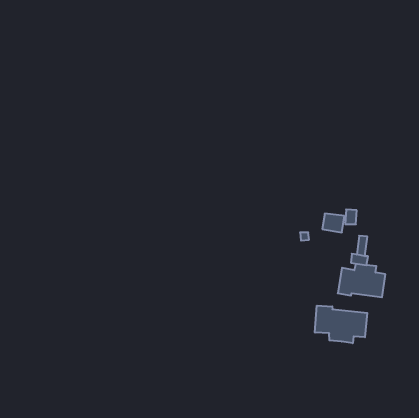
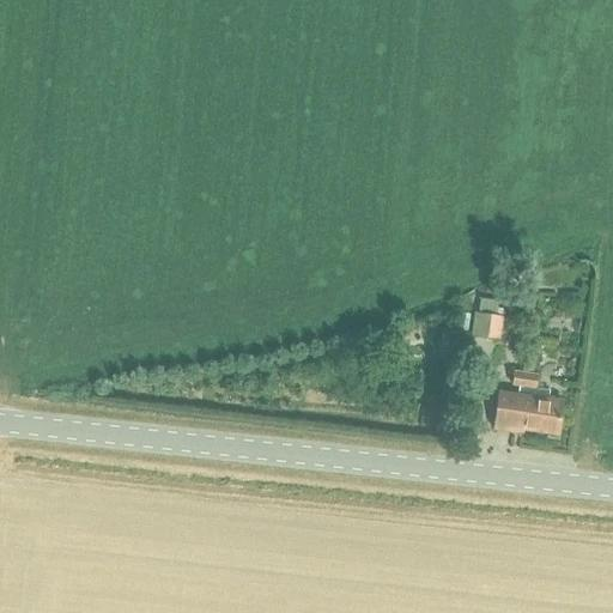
building: [315,306,367,343] -> none

